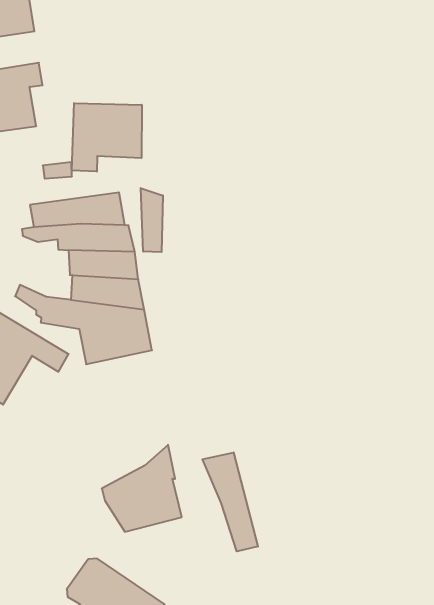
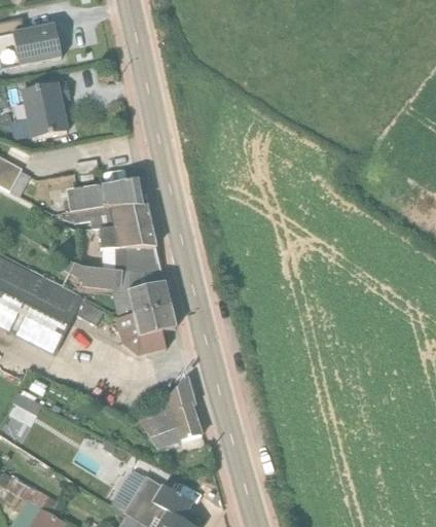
building: [72,103,142,172] -> none
building: [141,188,163,252] -> none
building: none -> [114,302,175,354]
building: [202,452,258,551] -> none

